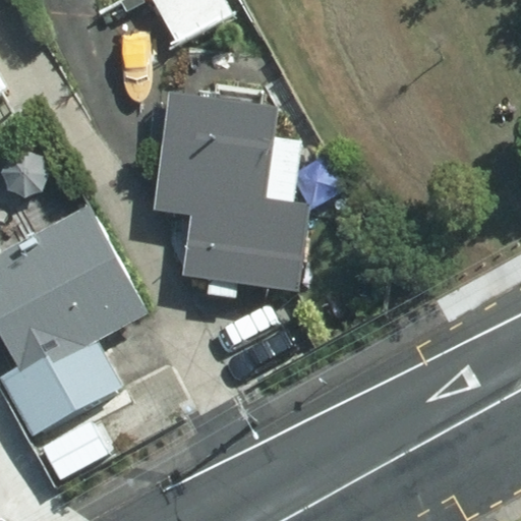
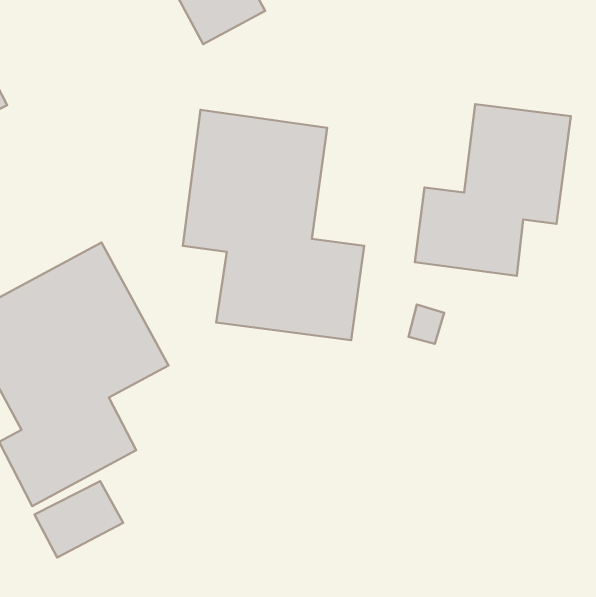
building: none -> [415,104,571,276]

